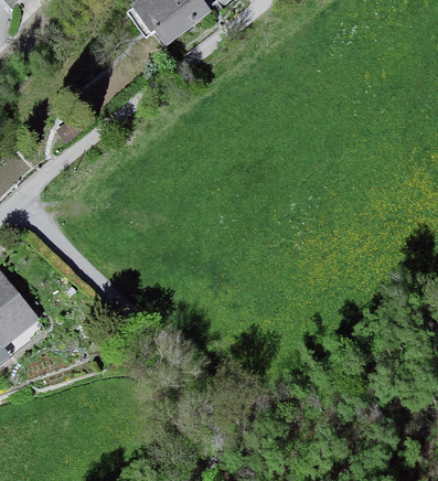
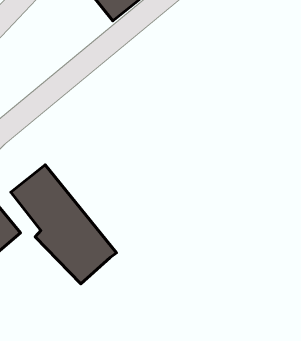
building: none -> [11,165,116,284]

